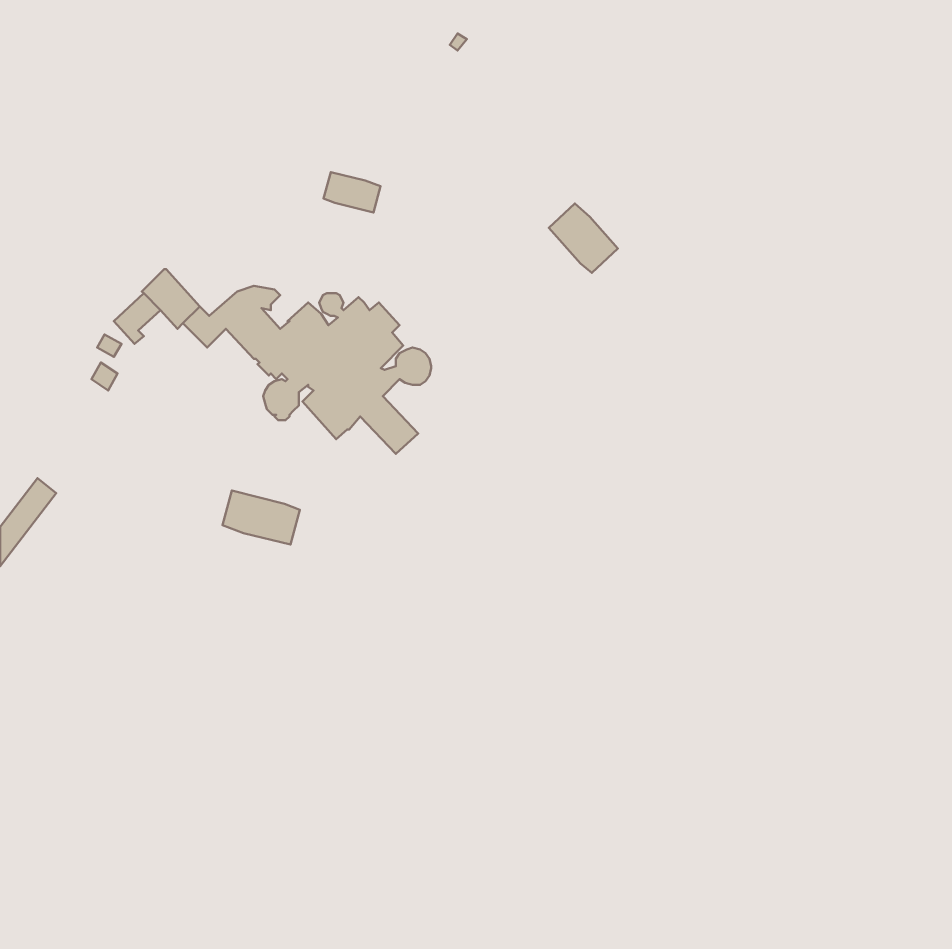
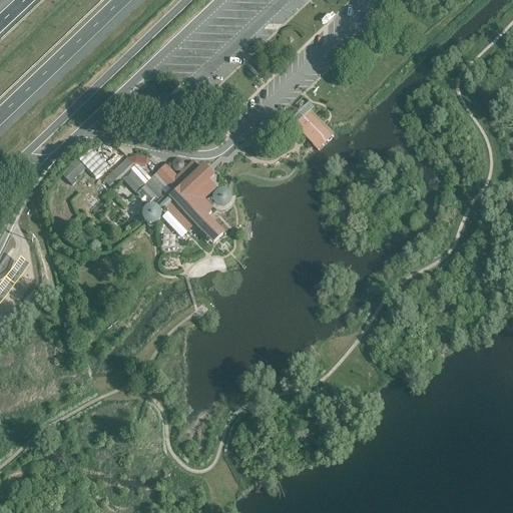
building: [324,172,381,213] -> none
building: [222,491,300,545] -> none

